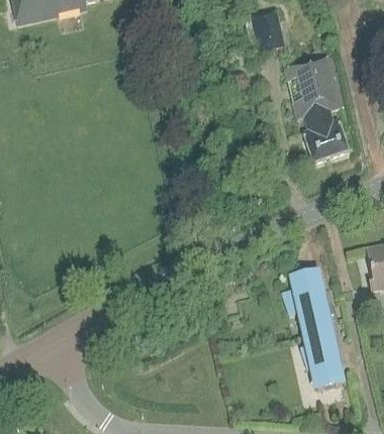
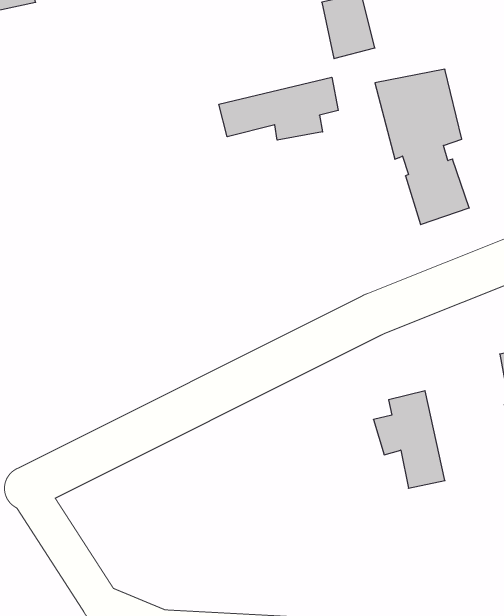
building: none -> [219,77,338,140]
building: [302,331,343,388] -> none

